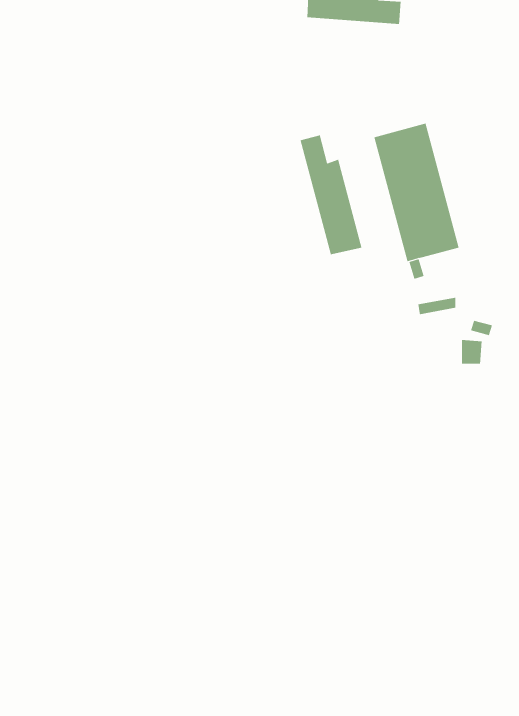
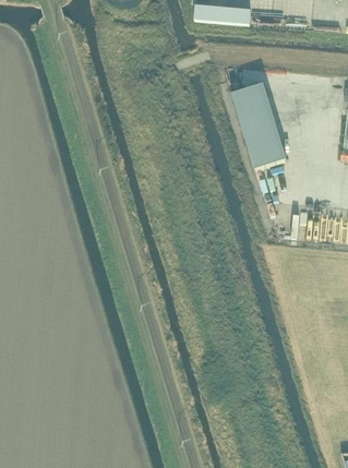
building: [300,134,362,255] -> none

